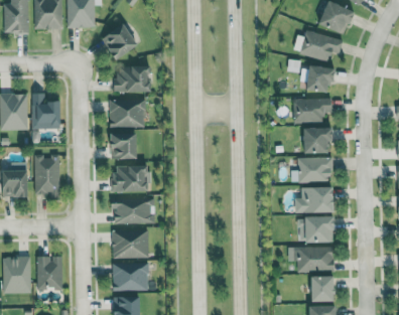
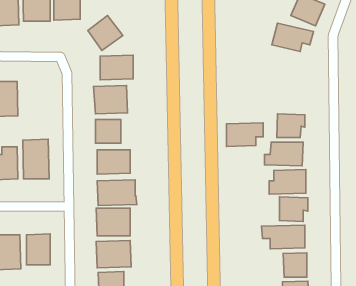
building: [307,65,338,92] -> none
building: [31,93,59,129] -> none
building: [293,99,332,124] -> [226,123,263,146]

